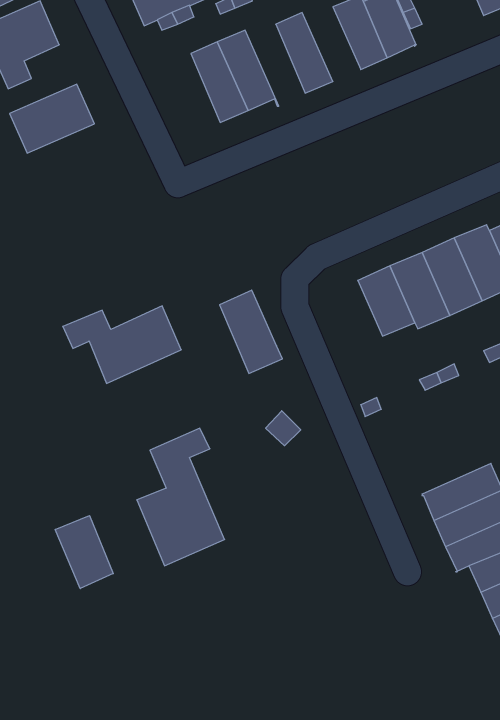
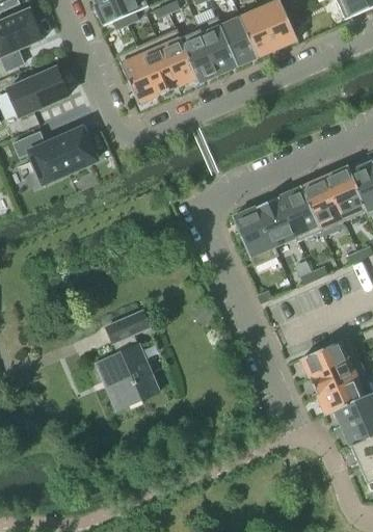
building: none -> [215,12,257,65]
building: none -> [175,25,217,83]
building: none -> [115,46,157,104]
building: [220,290,282,373] -> [232,207,276,266]
building: [63,306,181,383] -> [11,128,96,183]
building: [55,516,113,589] -> none

